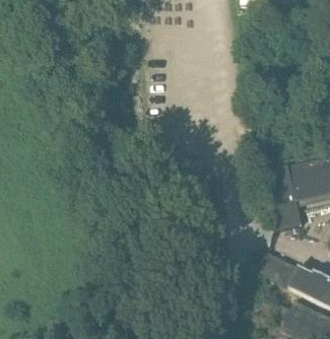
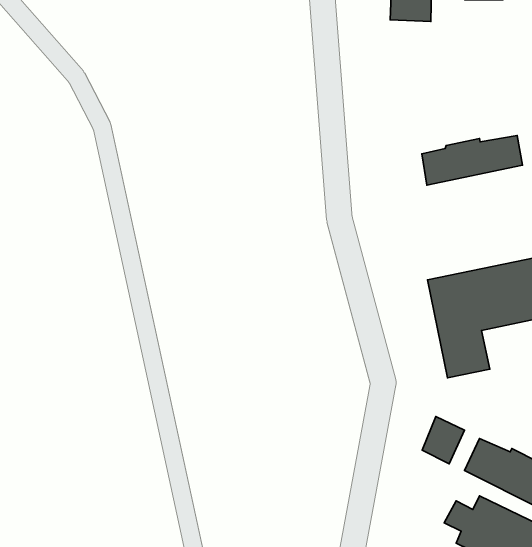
building: none -> [422,135,522,185]

